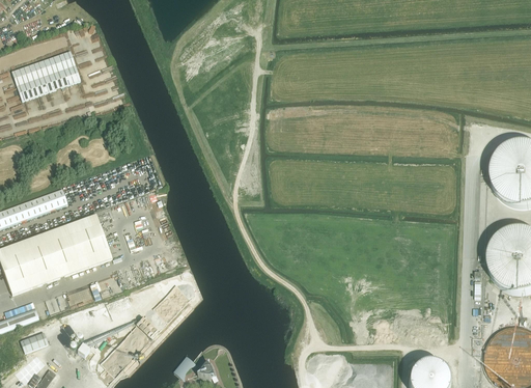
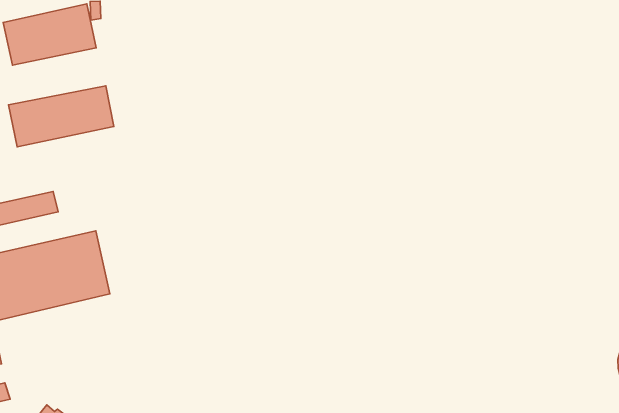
building: none -> [8,86,114,147]

